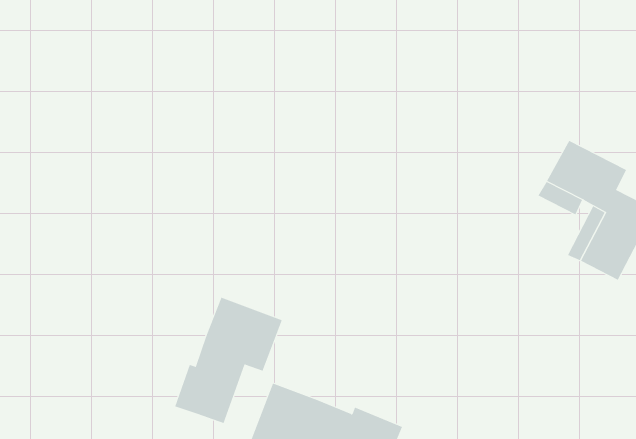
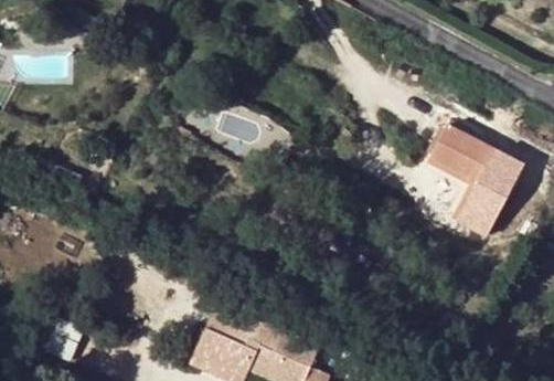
building: [174,297,282,424] -> none

